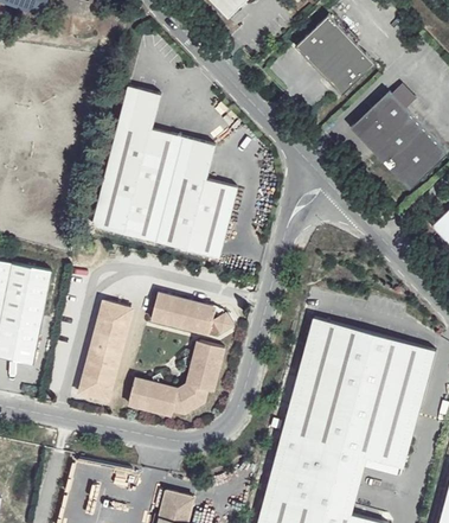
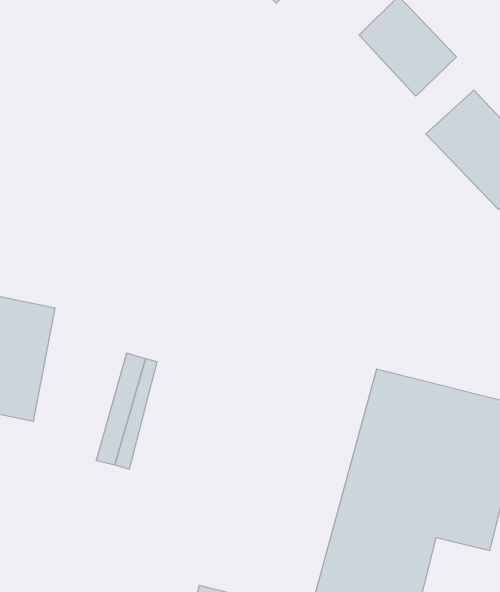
building: [92,87,236,257] -> none
building: [153,295,231,334] -> none
building: [130,342,226,416] -> none

